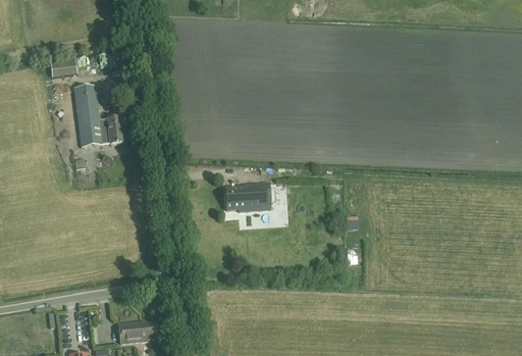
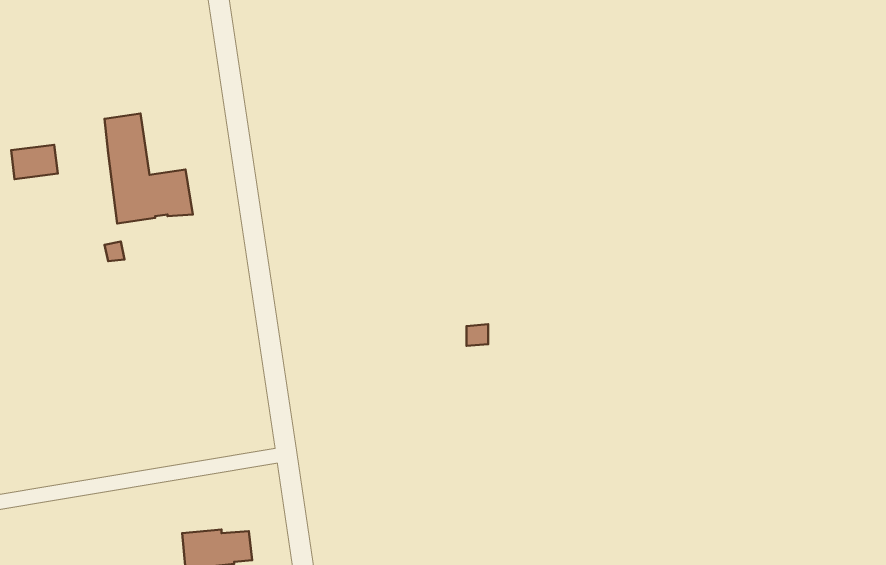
building: [50,59,76,79] -> [11,145,58,179]
building: [225,183,271,210] -> none

